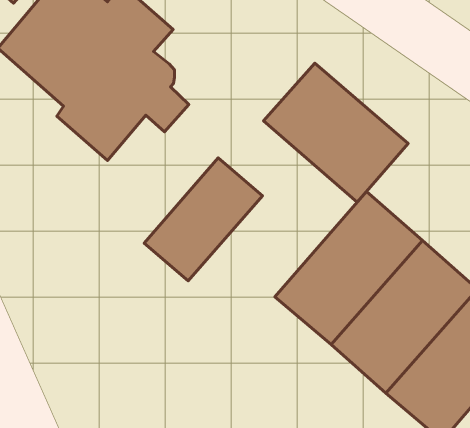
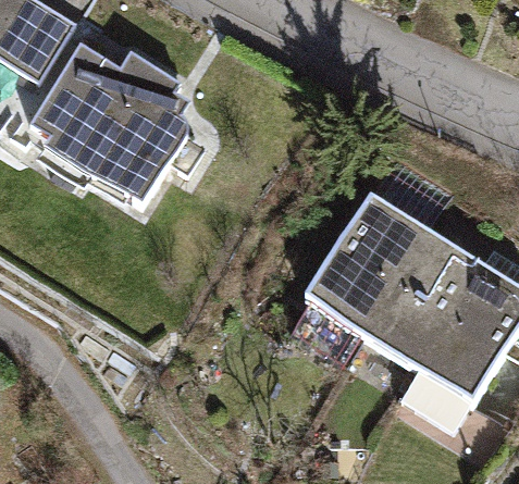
building: [264,63,408,202] -> none
building: [144,158,262,281] -> none

